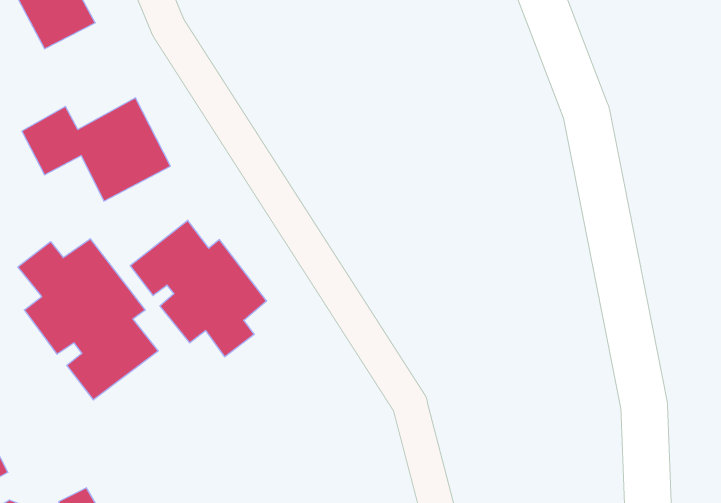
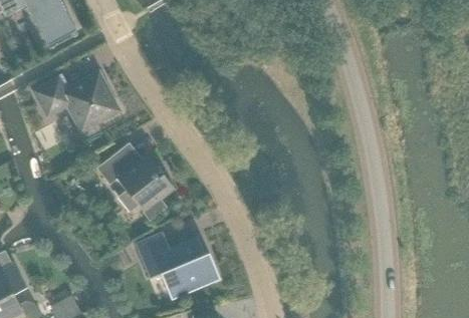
building: [18,239,158,400] -> none
building: none -> [135,232,218,296]

